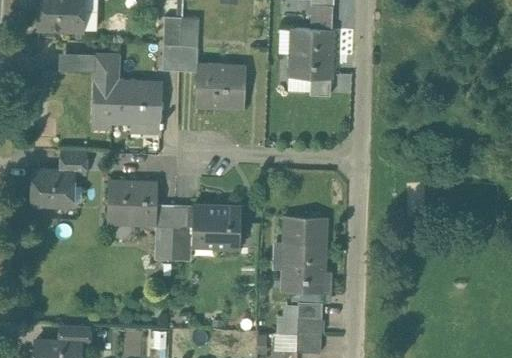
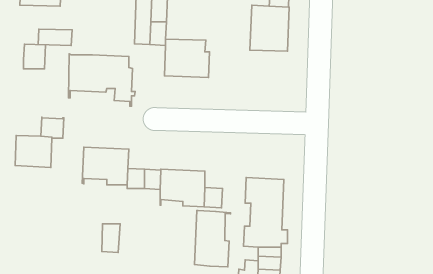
building: [94,56,118,83] -> [23,44,45,69]
building: [154,229,174,260] -> [102,224,120,252]
building: none -> [194,211,231,267]

